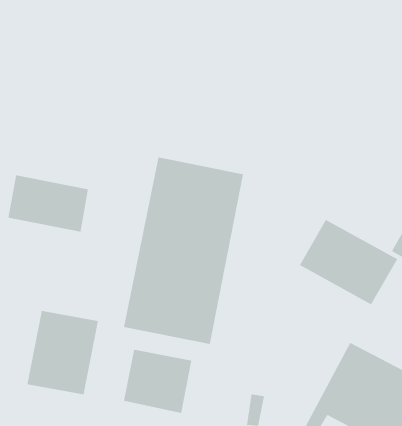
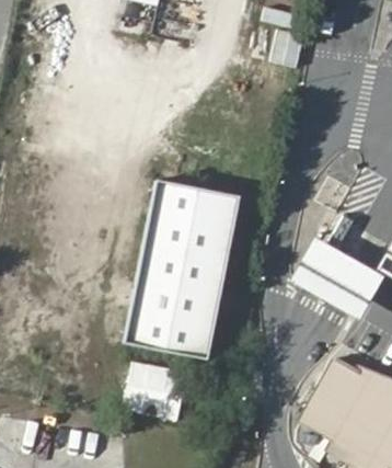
building: [8,175,89,233] -> none
building: [27,310,99,395] -> none

